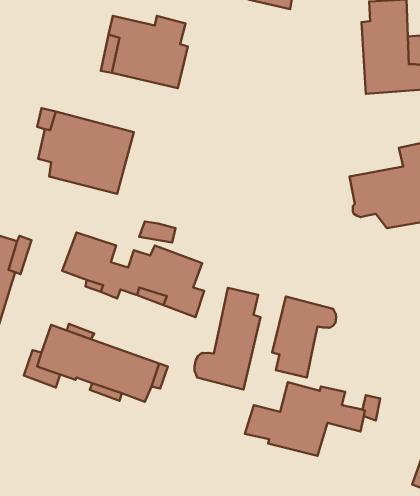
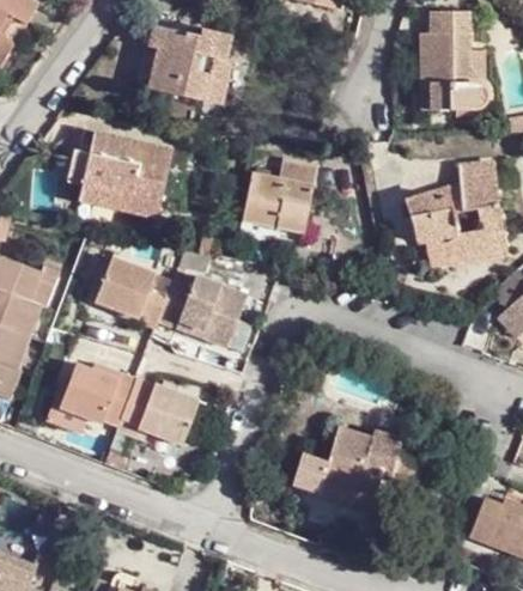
building: none -> [243,156,323,233]
building: [194,288,261,389] -> none
building: [272,297,336,378] -> none

